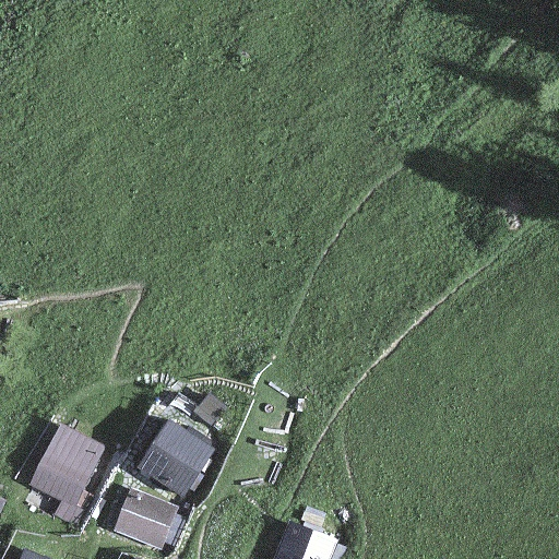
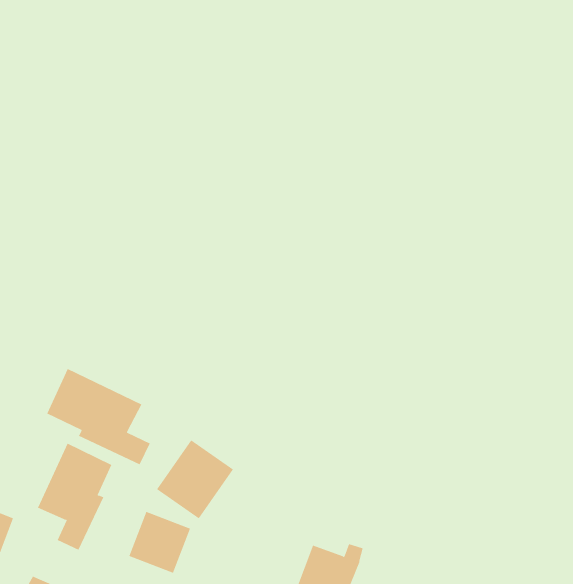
building: none -> [47,368,150,465]

